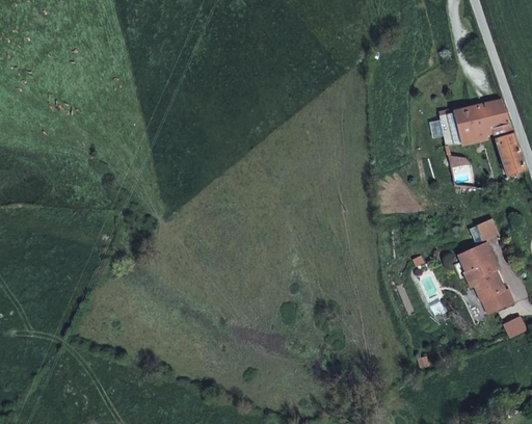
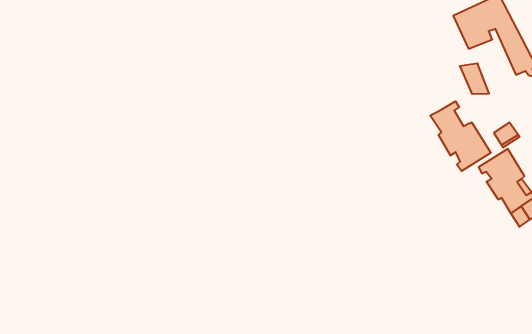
building: none -> [430,101,491,171]

